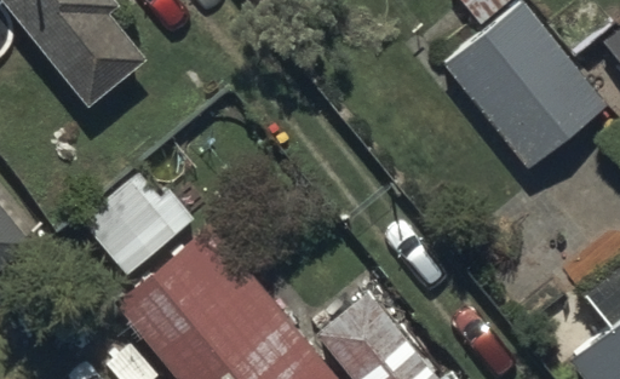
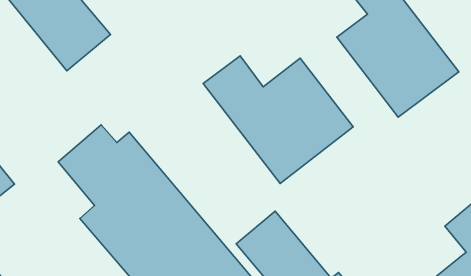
building: none -> [203,56,353,183]

